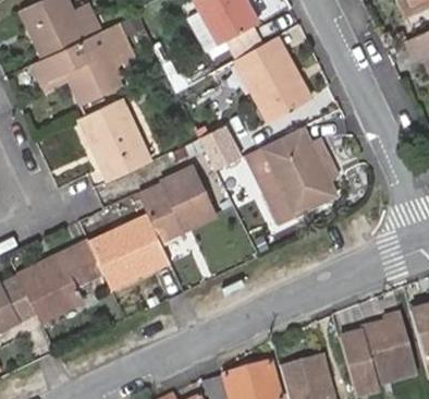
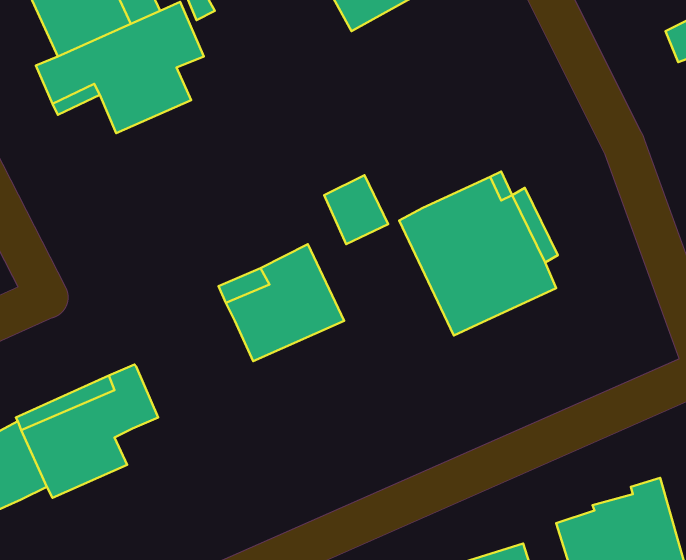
building: [233,36,308,121] -> none
building: [76,97,149,180] -> none
building: [88,216,168,291] -> none

